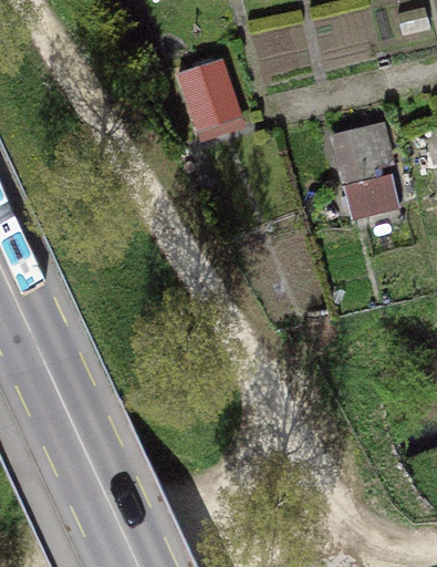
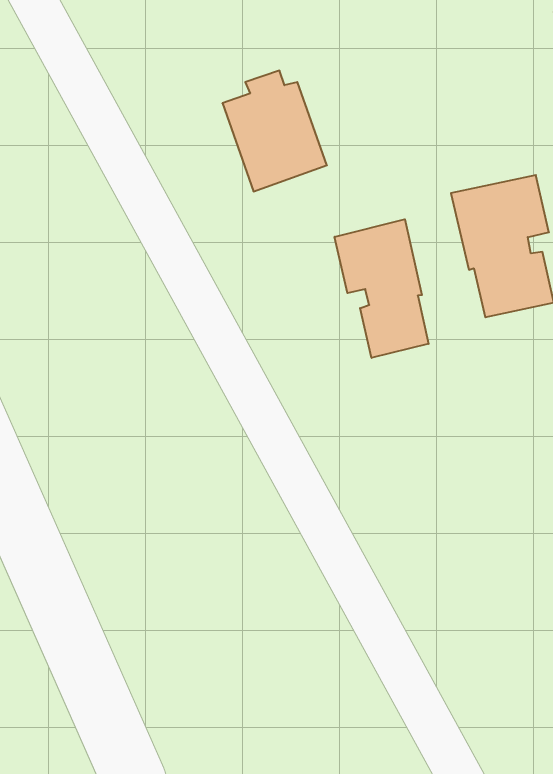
building: none -> [335,219,429,358]

